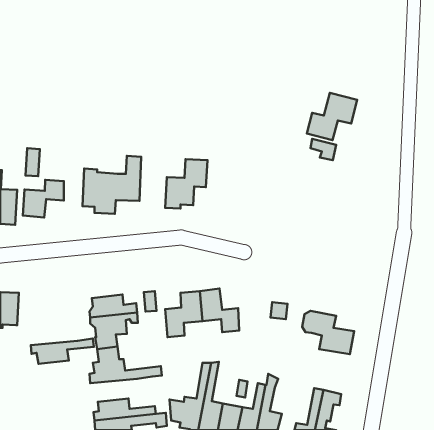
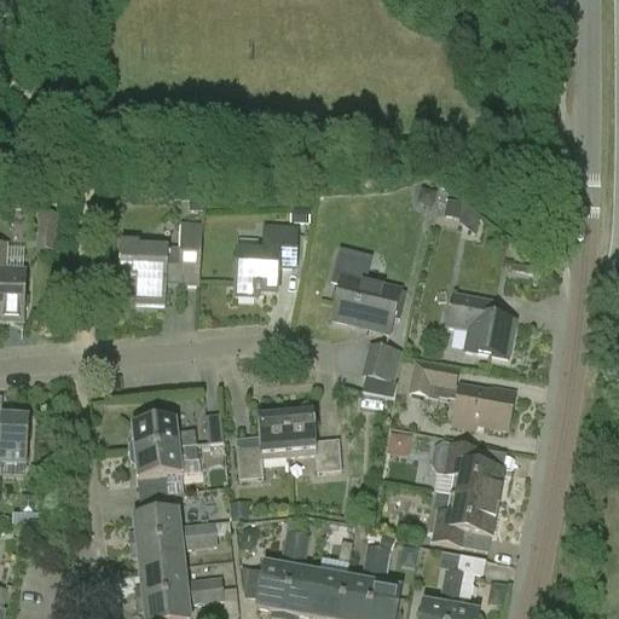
building: [307,93,357,140] -> none
building: none -> [332,254,400,331]
building: [23,180,64,218] -> none
building: none -> [447,294,515,357]
building: none -> [360,342,403,398]
building: none -> [409,359,515,429]
building: [31,338,94,364] -> [129,534,219,571]
building: none -> [432,496,498,545]

